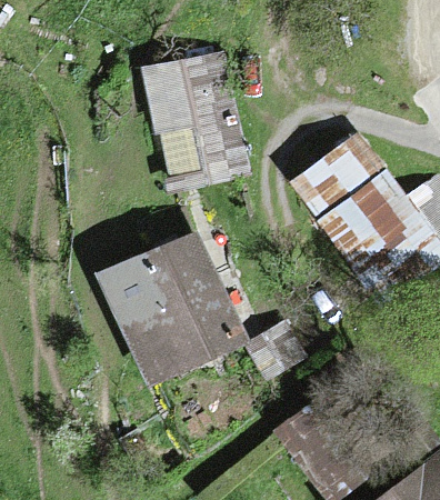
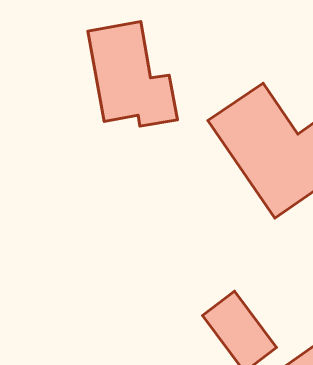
building: [98,230,244,381] -> none

